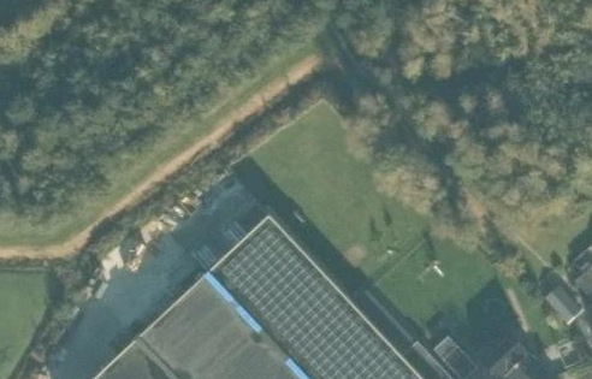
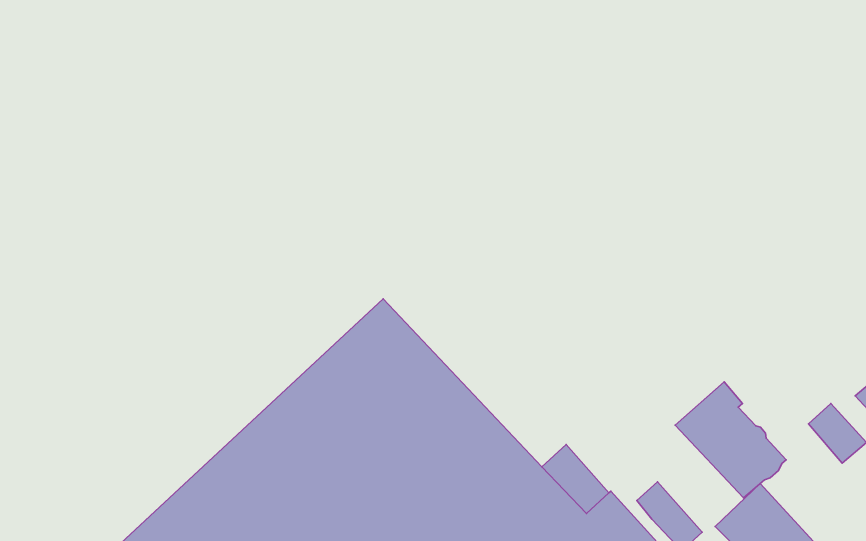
building: none -> [675,382,786,498]

